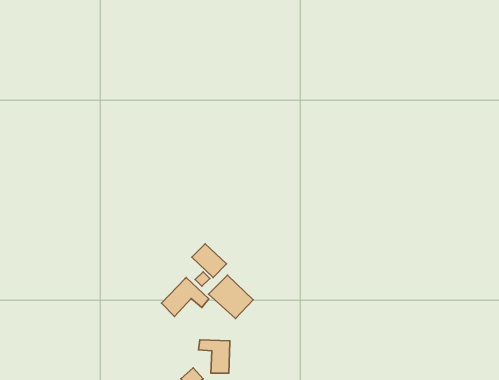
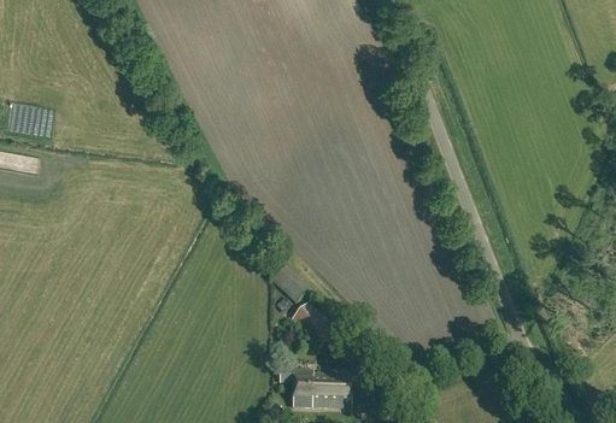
building: [162,277,209,317] -> none
building: none -> [312,375,352,410]

